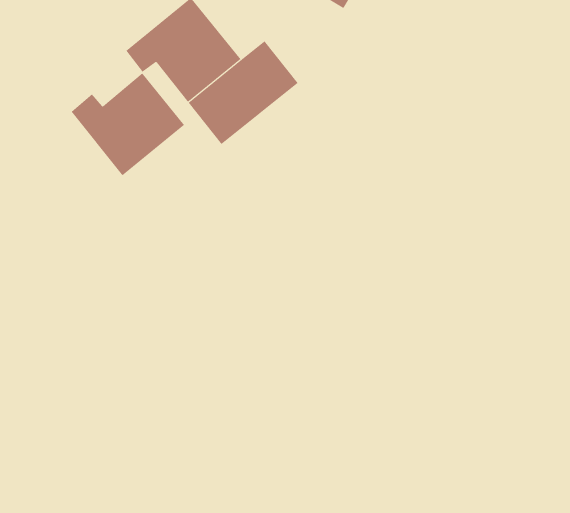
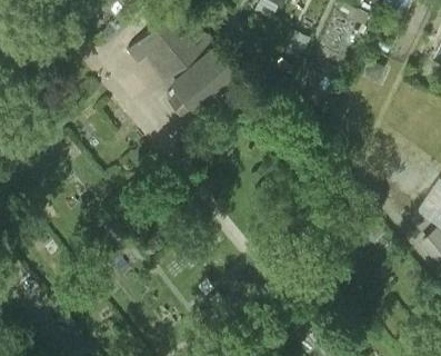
building: [71,73,185,176] -> none

